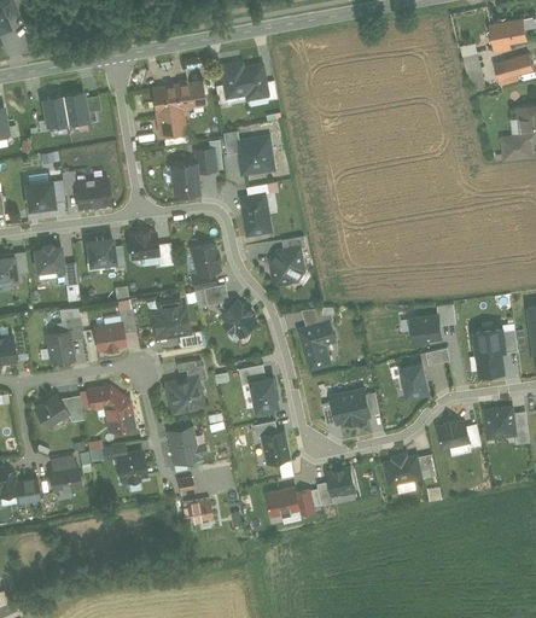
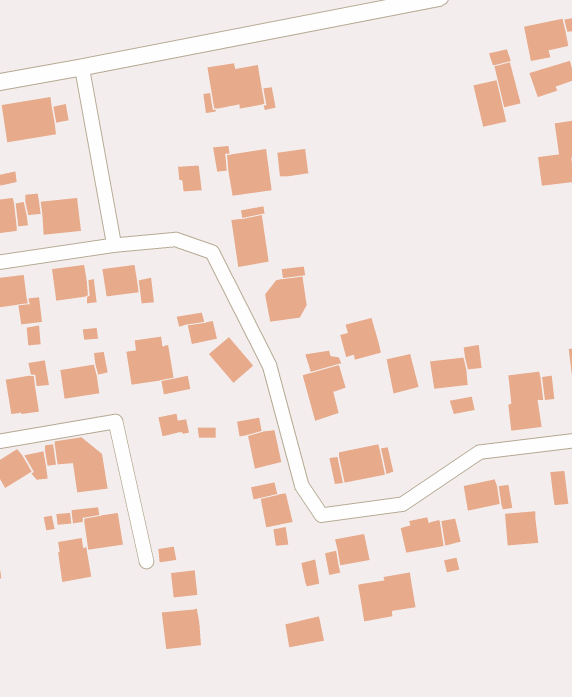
building: none -> [473,79,507,128]
building: [151,82,204,138] -> none
building: none -> [277,148,309,177]
building: [169,163,199,197] -> none
building: [188,243,220,276] -> none
building: none -> [339,317,382,360]
building: [402,362,431,397] -> [386,354,419,394]
building: [165,380,200,414] -> none
building: [485,408,515,438] -> [504,511,539,546]
building: [164,426,204,466] -> none
building: [48,455,78,494] -> [57,538,92,582]
building: [267,488,302,515] -> [284,616,325,648]
building: none -> [357,571,416,622]
building: none -> [161,608,202,650]

